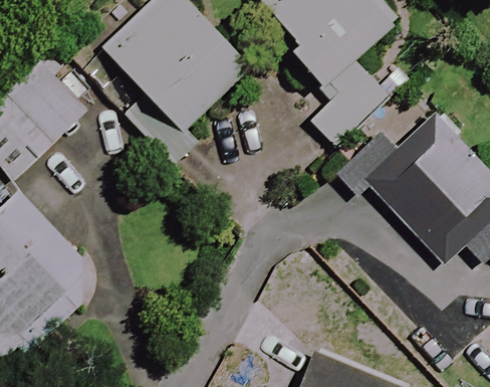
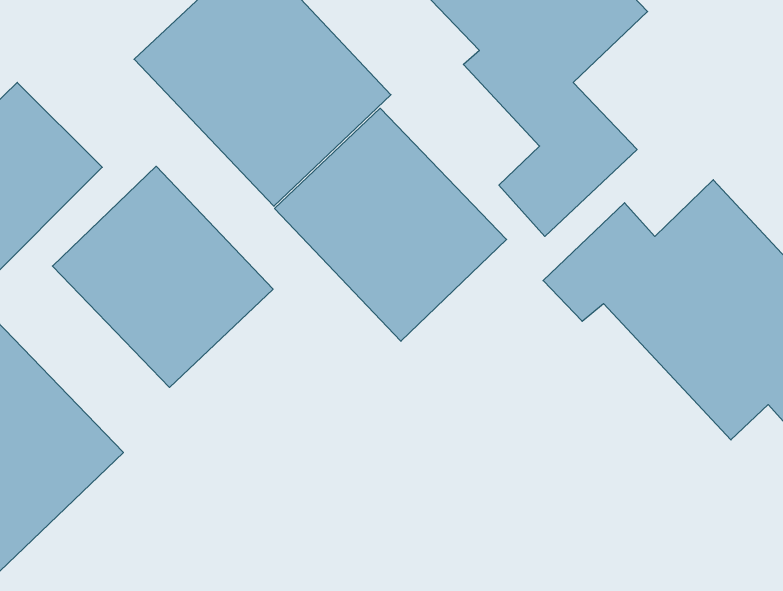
building: none -> [275,108,507,341]
building: none -> [52,166,273,387]

